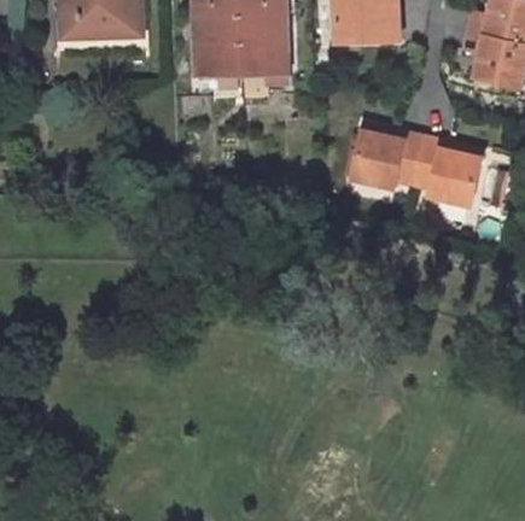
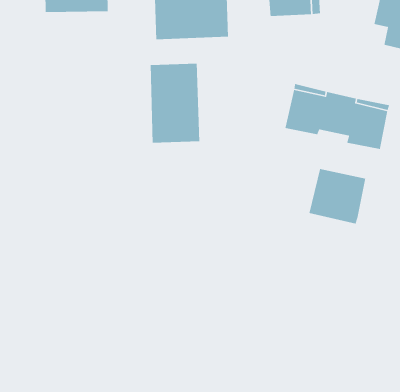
building: none -> [150,63,200,143]
building: none -> [308,168,366,224]

